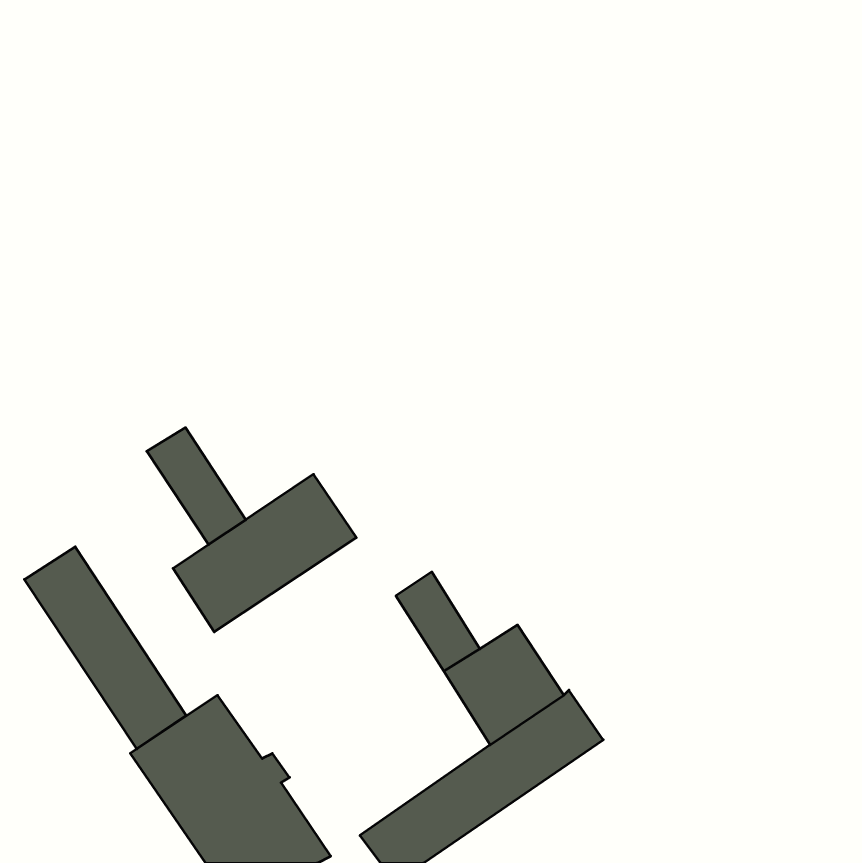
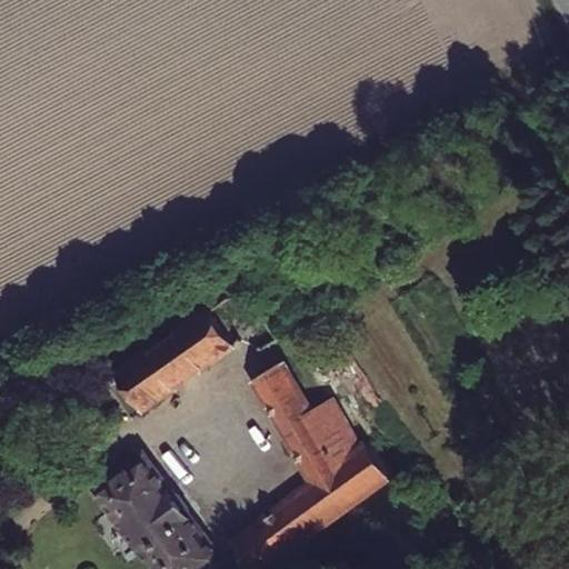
building: [147,428,246,545] -> none
building: [24,547,186,749] -> none

